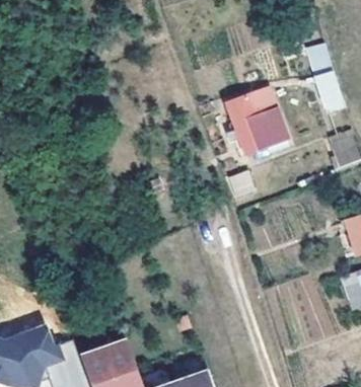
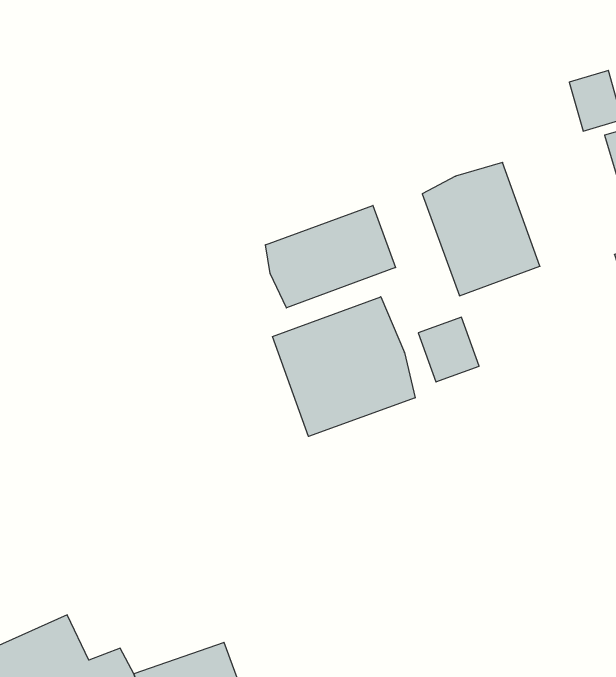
building: none -> [265,205,396,308]
building: none -> [272,297,415,436]

